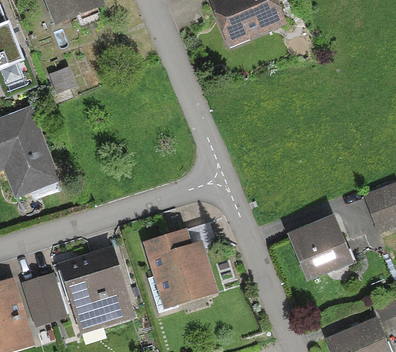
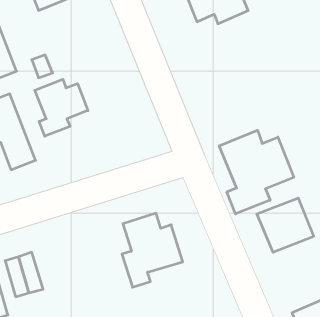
building: none -> [35,79,88,136]
building: none -> [219,130,294,214]
building: [65,253,127,322] -> none

